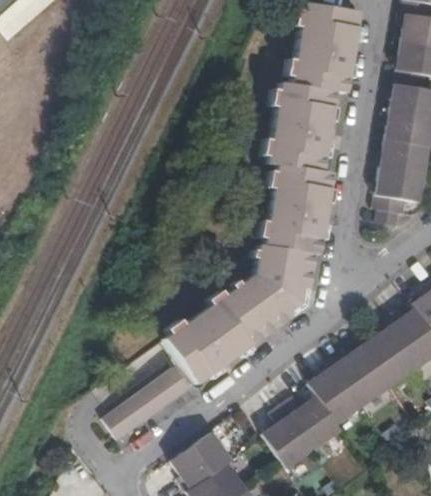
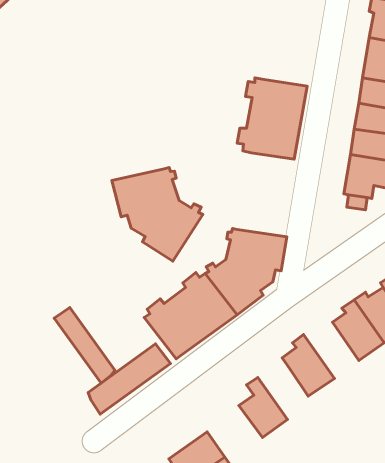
building: [285,5,358,93] -> none
building: [256,163,332,254] -> none
building: none -> [112,168,203,261]
building: none -> [54,308,115,383]
building: [332,344,391,404] -> none
building: [283,395,342,448] -> none
building: [172,431,233,490] -> none

